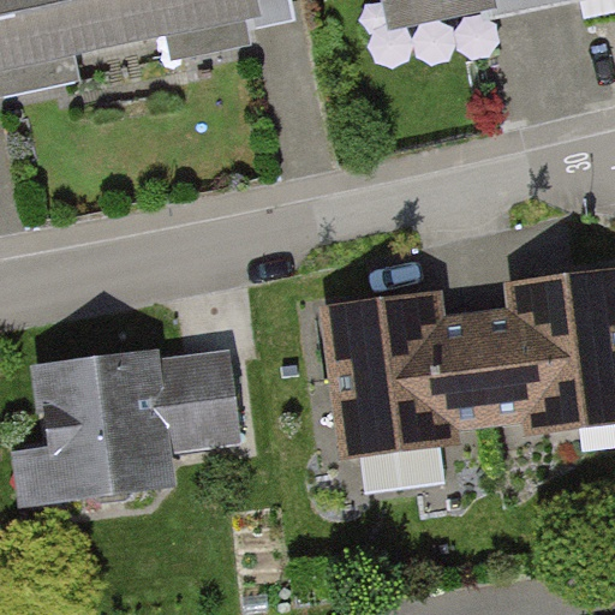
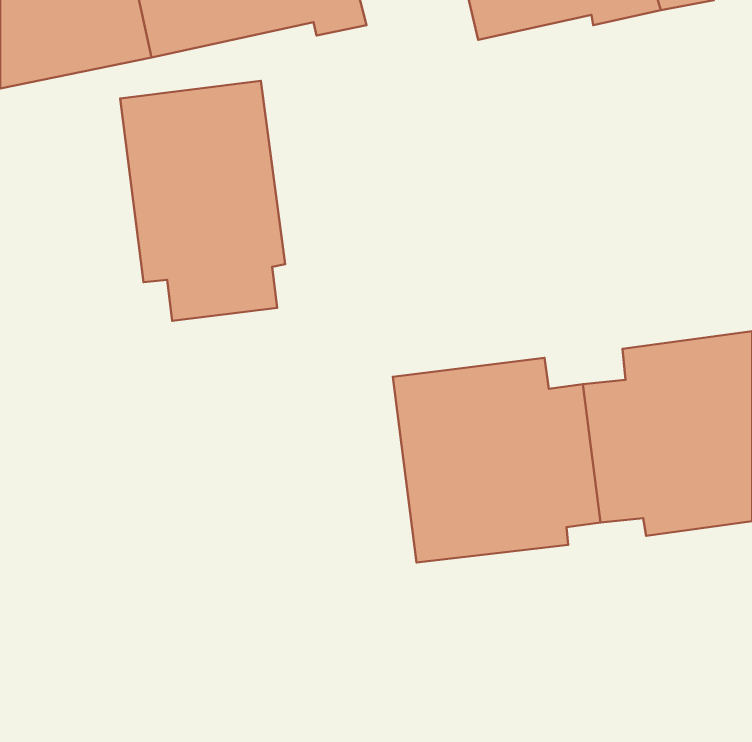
building: none -> [120,81,285,321]
building: [16,347,245,504] -> none

